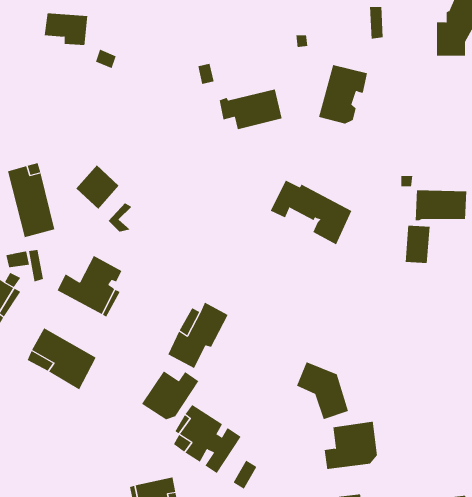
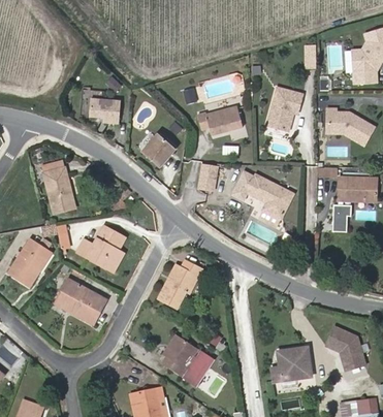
building: [44,13,88,46] -> [87,94,119,118]
building: none -> [326,108,374,146]
building: [76,164,120,210] -> [139,130,171,163]
building: none -> [200,165,218,192]
building: [296,362,349,420] -> [325,325,363,367]
building: [141,370,199,420] -> none

